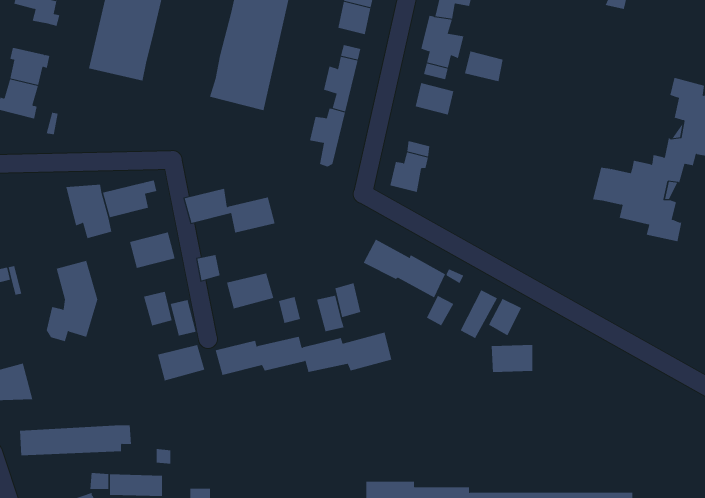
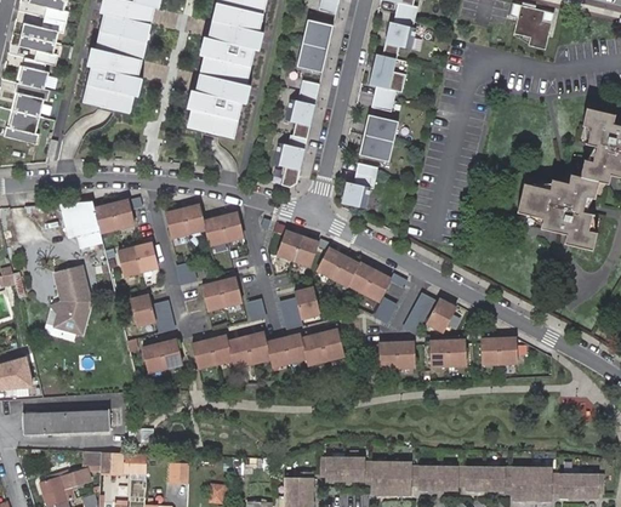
building: none -> [18,58,49,90]
building: [464,51,503,82] -> [359,135,393,161]
building: none -> [278,230,319,264]
building: none -> [480,337,517,361]
building: none -> [378,342,415,366]

